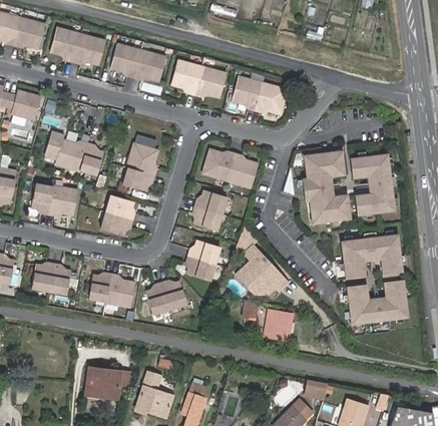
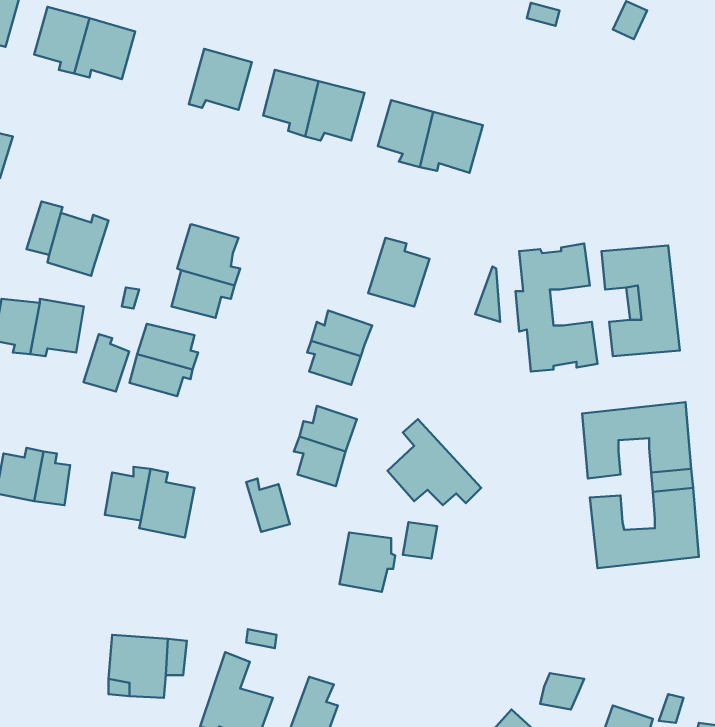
building: [112,45,140,80] -> none
building: [82,141,106,171] -> [83,334,129,392]
building: [204,147,236,179] -> none
building: [146,279,170,310] -> none
building: [268,308,297,339] -> [340,533,395,592]

